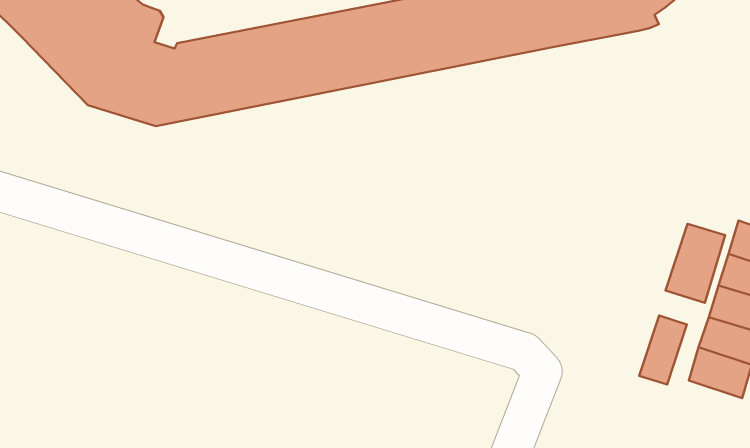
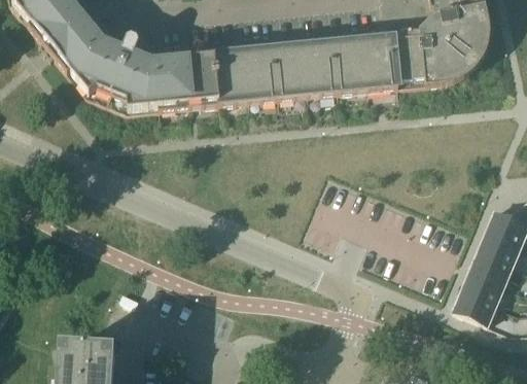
building: [665,224,725,303] -> none
building: [639,316,687,385] -> none

